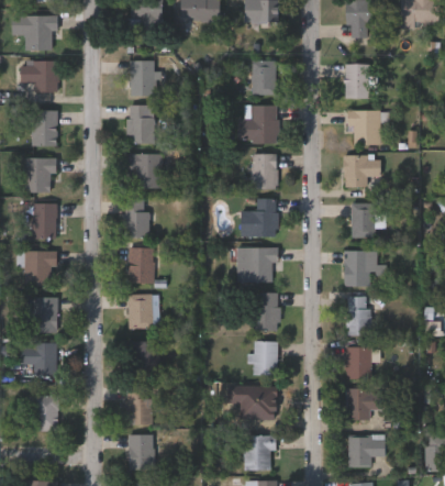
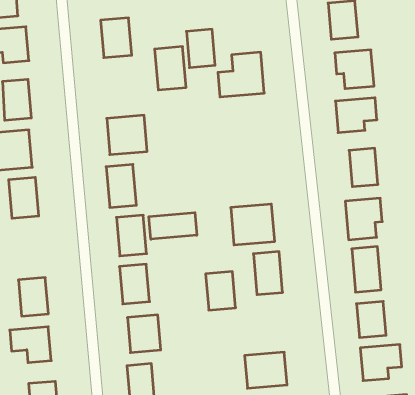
building: [251,60,275,95] -> [186,29,215,68]
building: [127,106,154,144] -> [155,47,186,90]
building: [249,154,277,189] -> none
building: [238,197,278,238] -> none
building: none -> [149,213,197,239]
building: [24,251,56,286] -> none
building: [252,342,277,376] -> [206,272,236,310]

